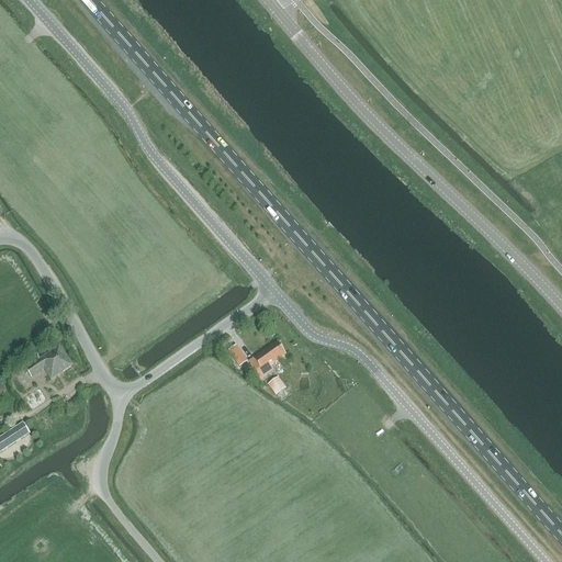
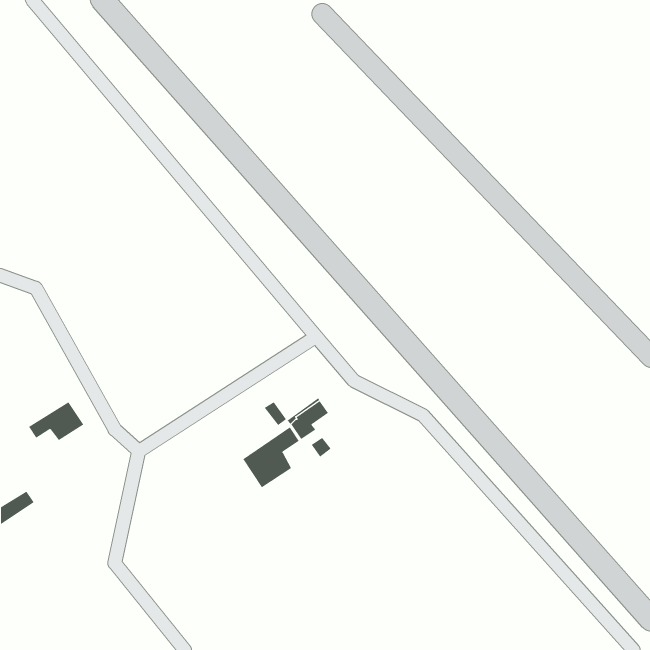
building: none -> [243,426,299,488]

